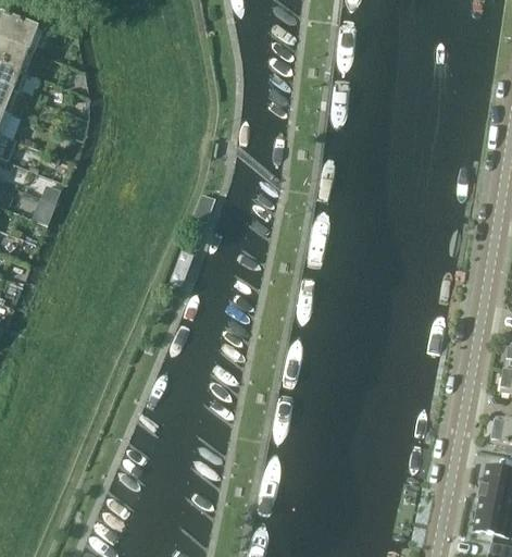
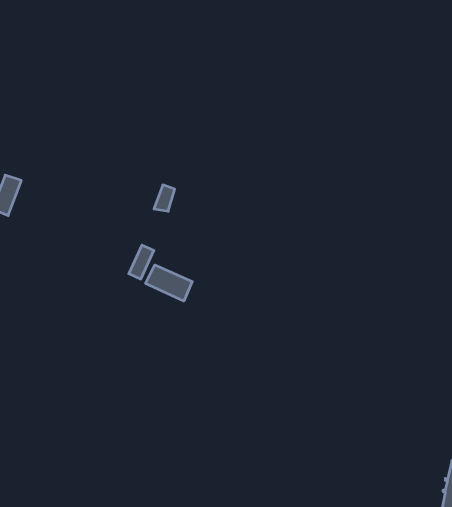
building: none -> [146,265,192,301]

